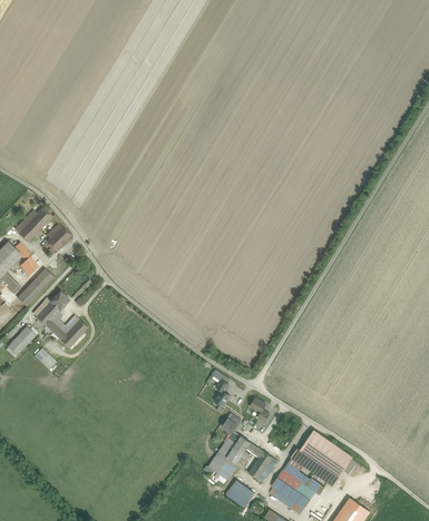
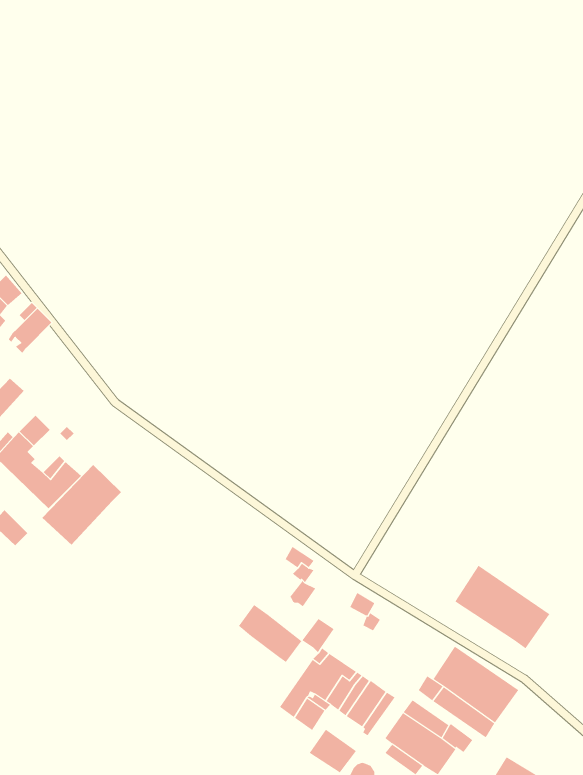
building: none -> [41,464,122,546]
building: none -> [455,565,550,649]
building: none -> [238,604,302,663]

